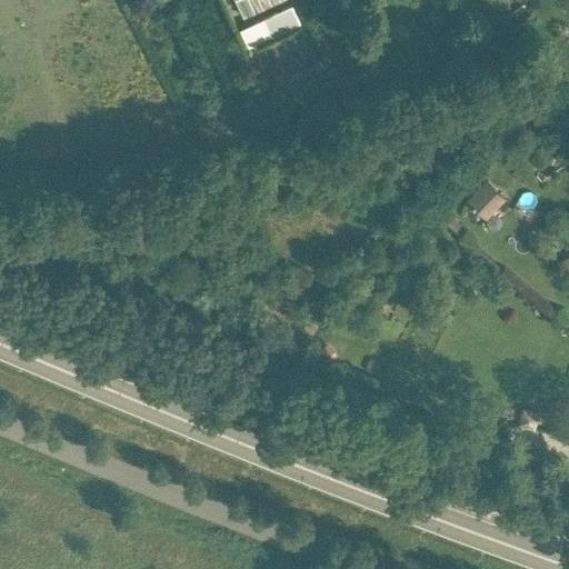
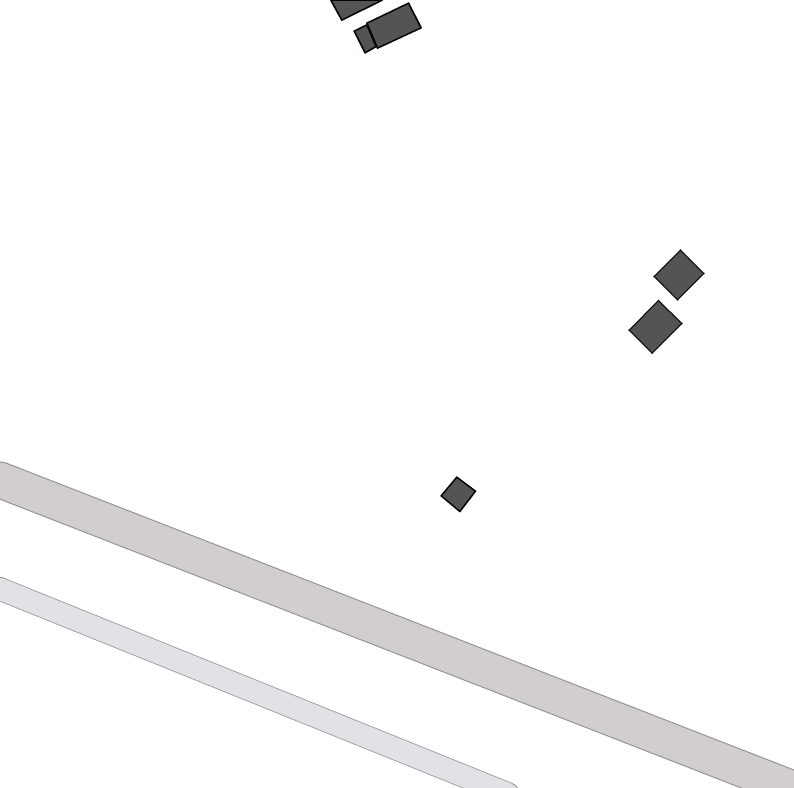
building: none -> [629,300,682,353]

